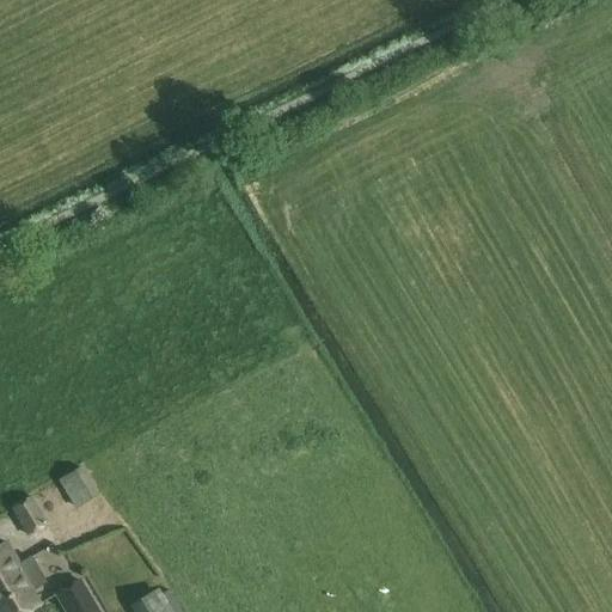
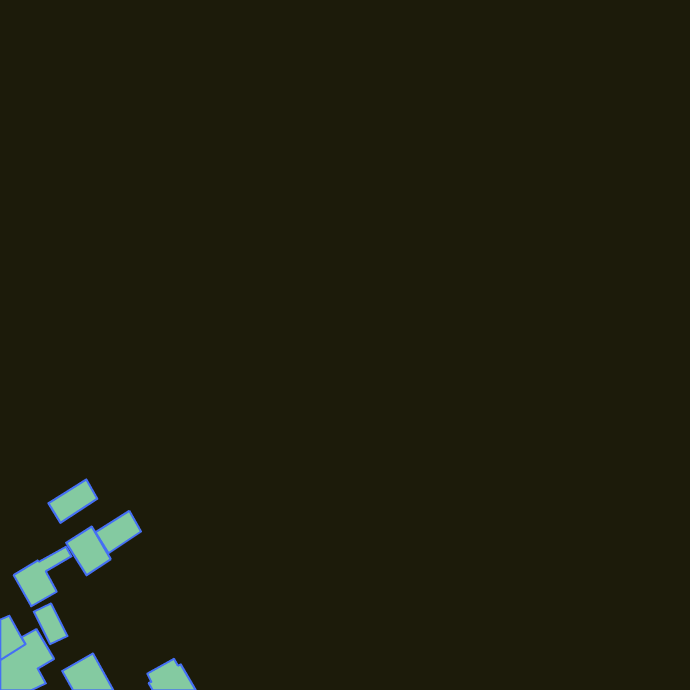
building: none -> [48,479,97,523]
building: none -> [95,511,141,553]

